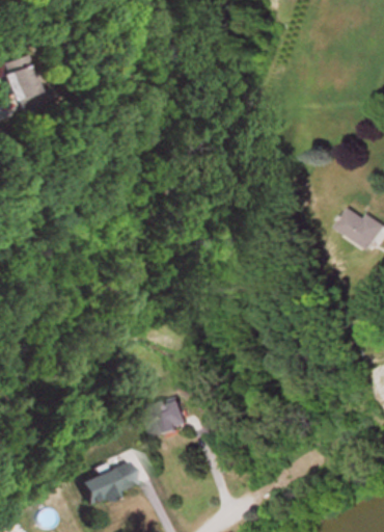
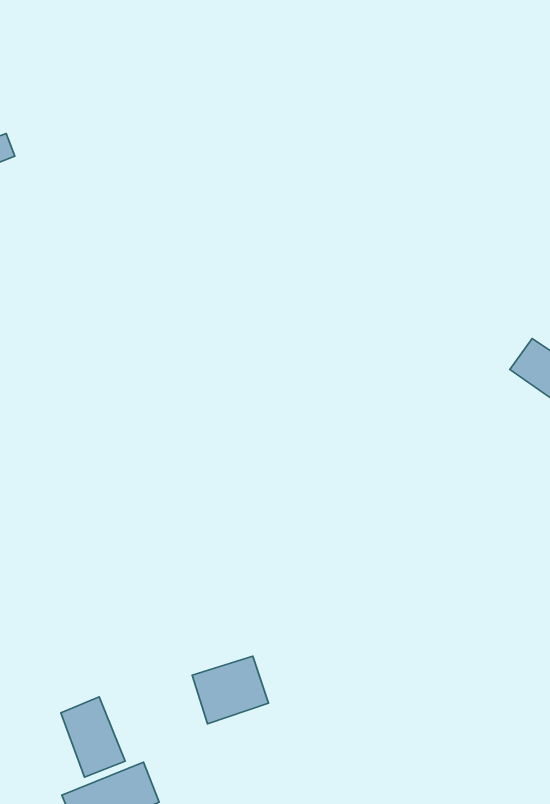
building: none -> [61,697,125,777]

